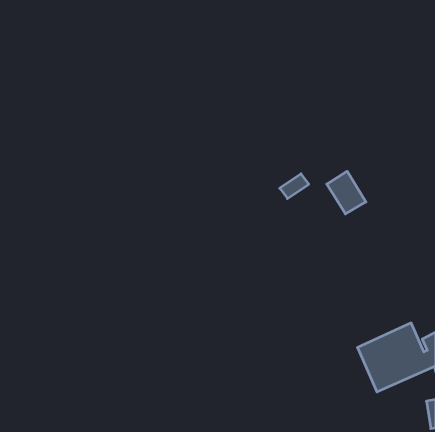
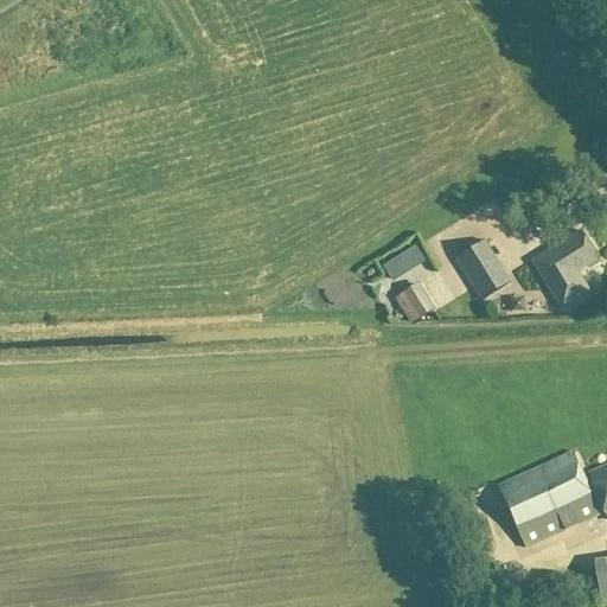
building: none -> [531,229,596,307]
building: none -> [394,280,435,322]

